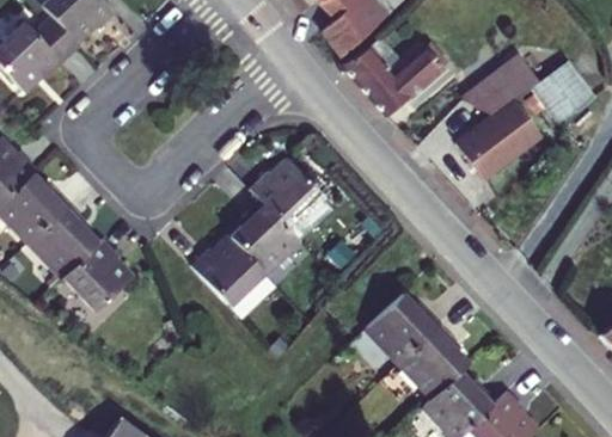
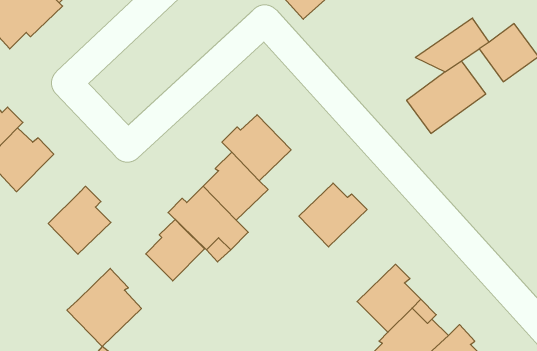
building: [339,44,441,115] -> none
building: [29,203,98,278] -> none
building: none -> [146,219,205,281]
building: [367,294,441,363] -> [299,183,367,247]
building: none -> [67,268,141,347]

